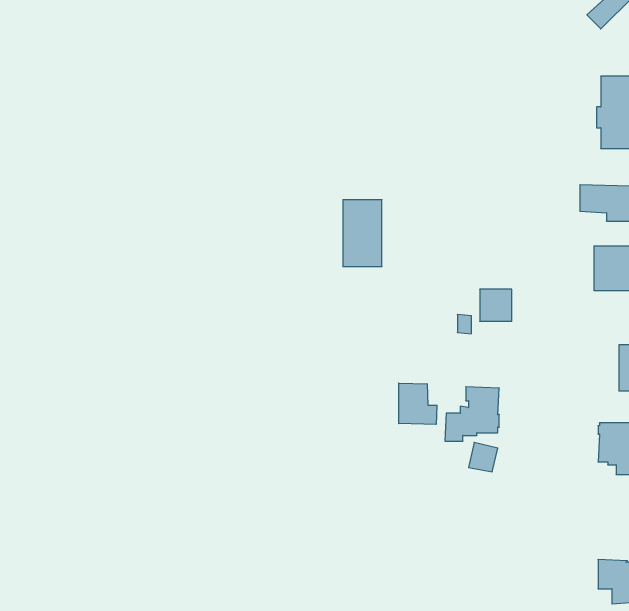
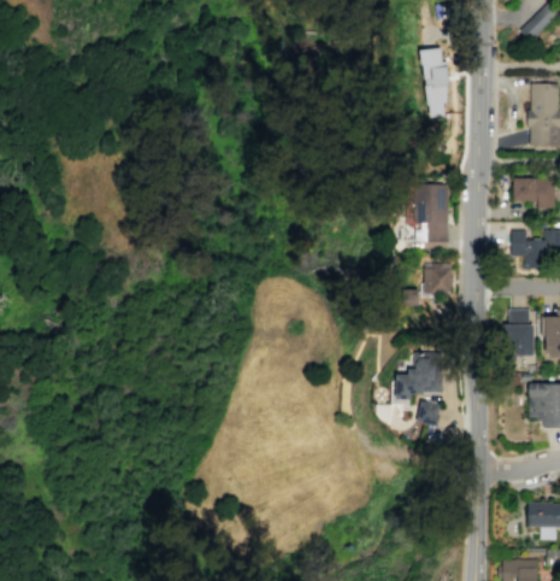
building: none -> [418,46,447,118]
building: [343,200,382,267] -> [415,184,449,242]
building: none -> [507,310,534,357]
building: [399,383,437,424] -> none

